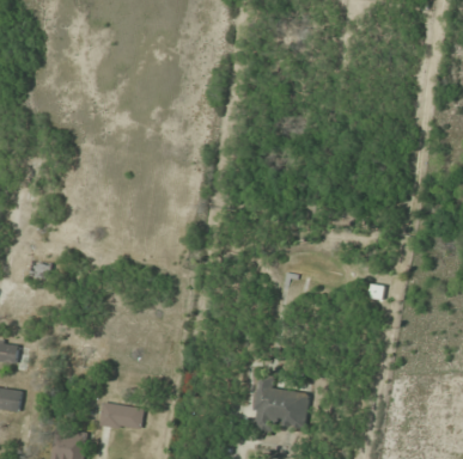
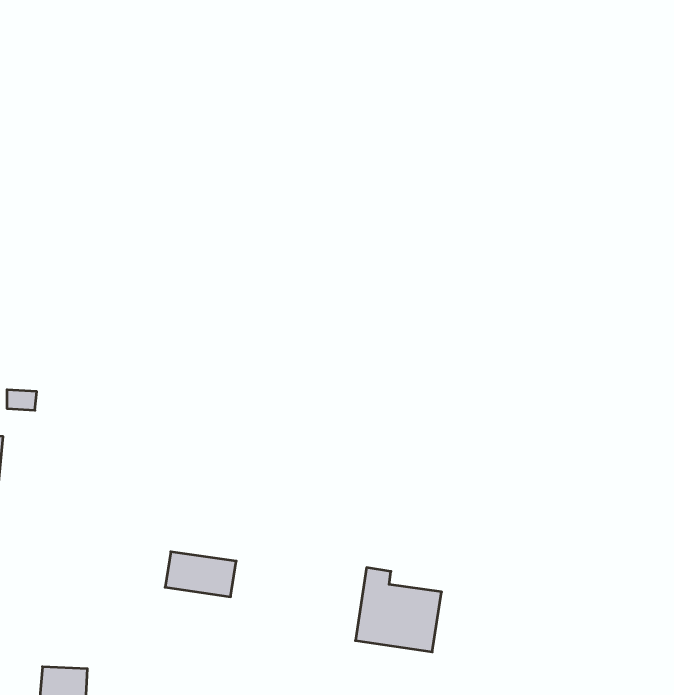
building: [98,402,144,430] -> [165,552,236,597]

